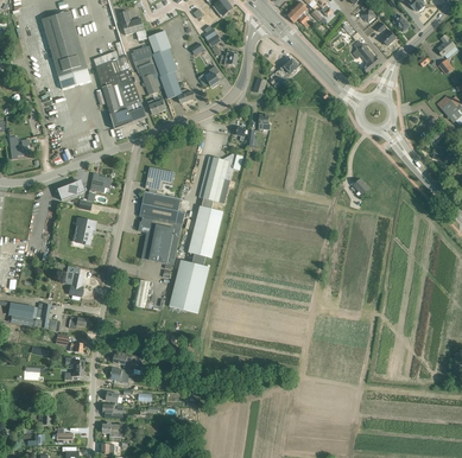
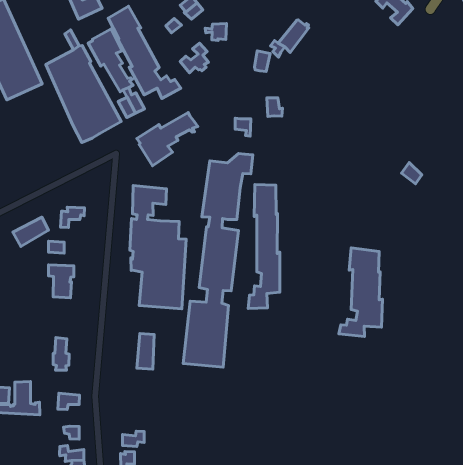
building: none -> [137,112,198,166]
building: none -> [248,185,280,308]
building: none -> [339,248,383,336]

